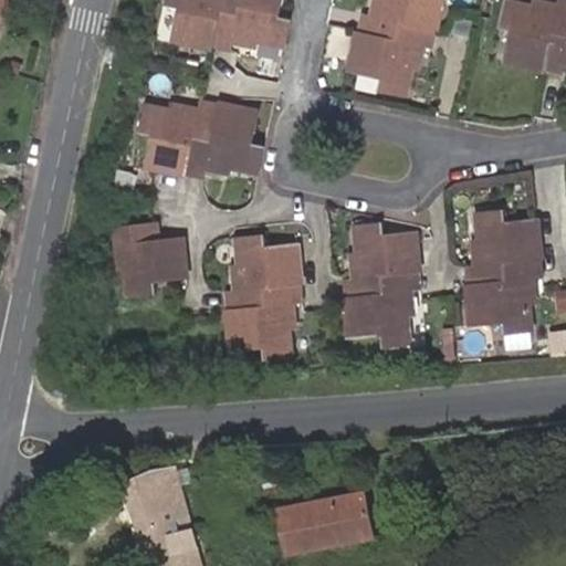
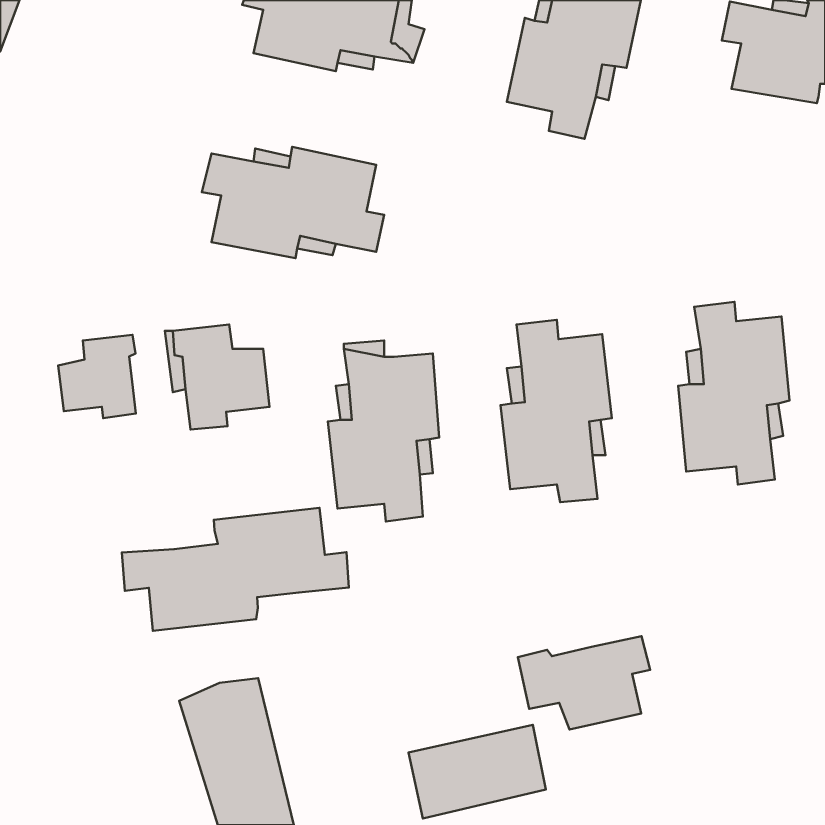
building: none -> [58,335,136,418]
building: none -> [122,508,349,631]
building: none -> [518,636,650,729]

